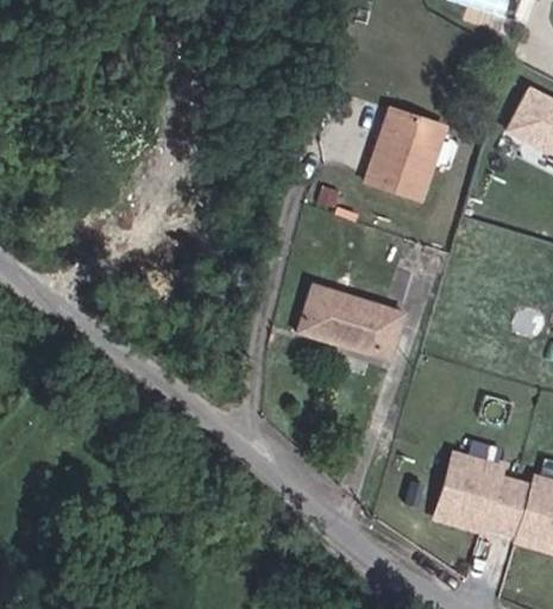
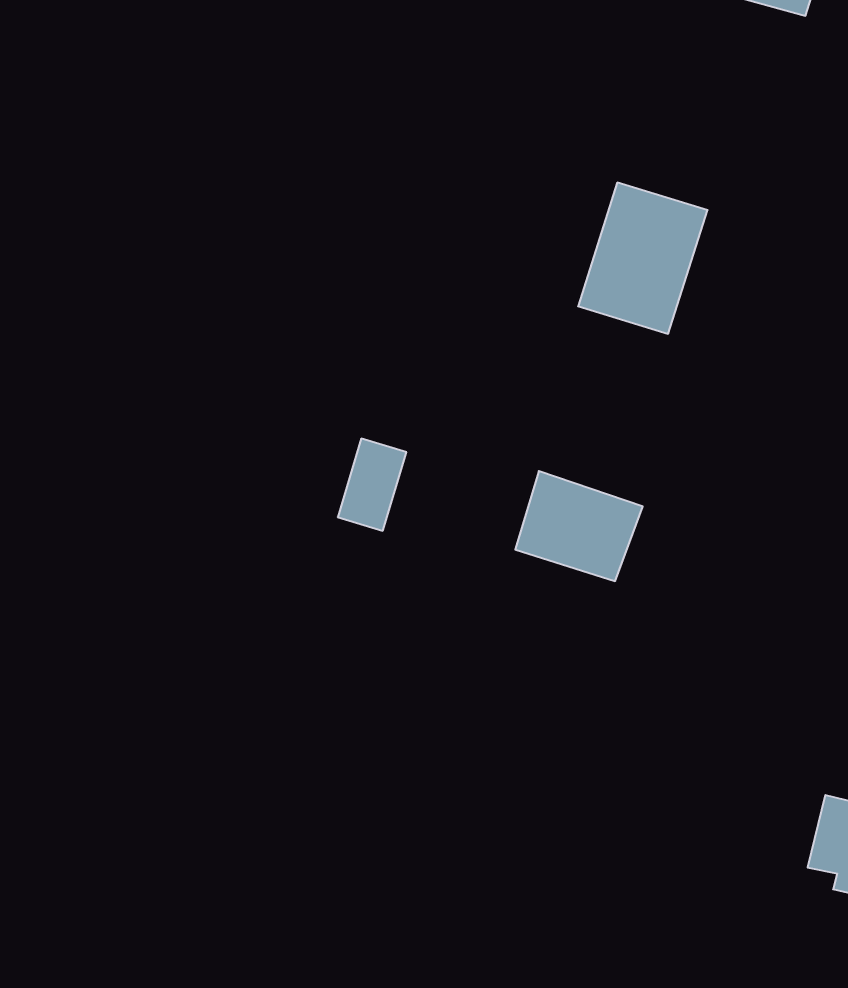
building: [297,281,339,337] -> [338,439,406,531]
building: [434,459,513,533] -> none

